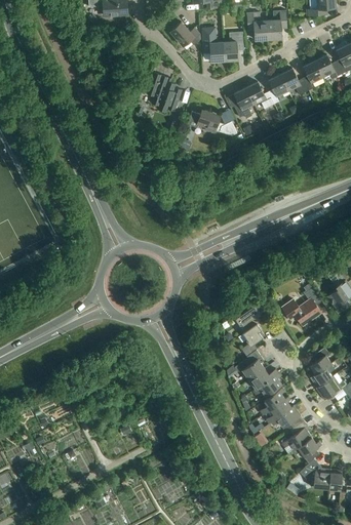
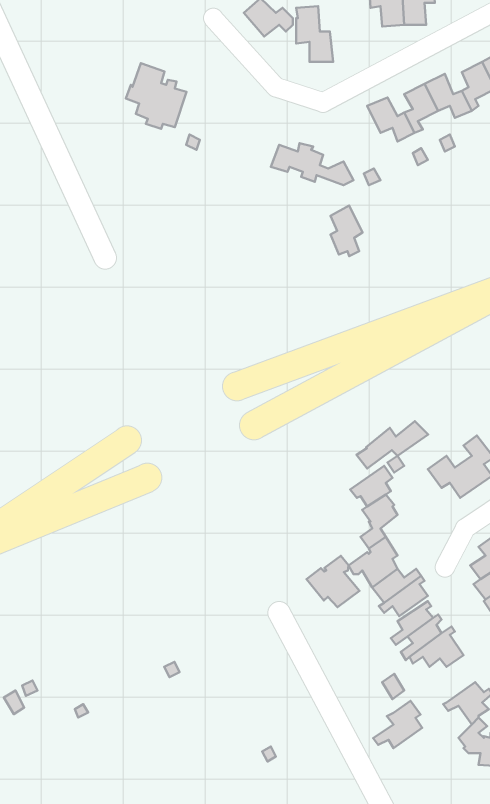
building: [223,32,243,60] -> none
building: [145,72,182,112] -> [126,63,187,129]
building: [234,87,254,118] -> [331,206,363,256]
building: none -> [357,421,428,468]
building: none -> [307,556,360,607]
building: [281,420,311,449] -> [373,701,422,748]

